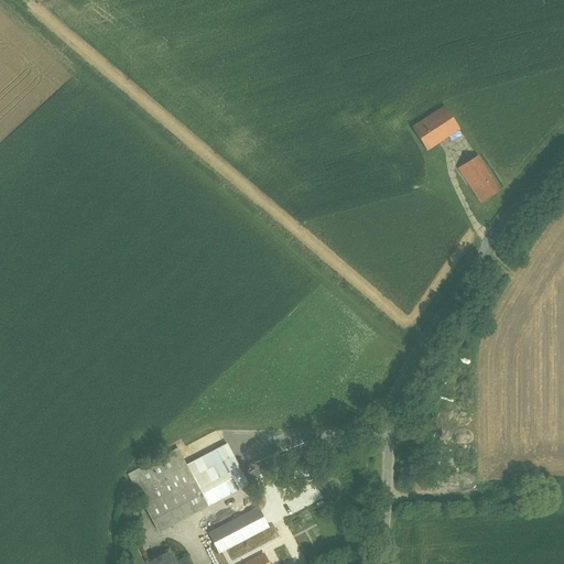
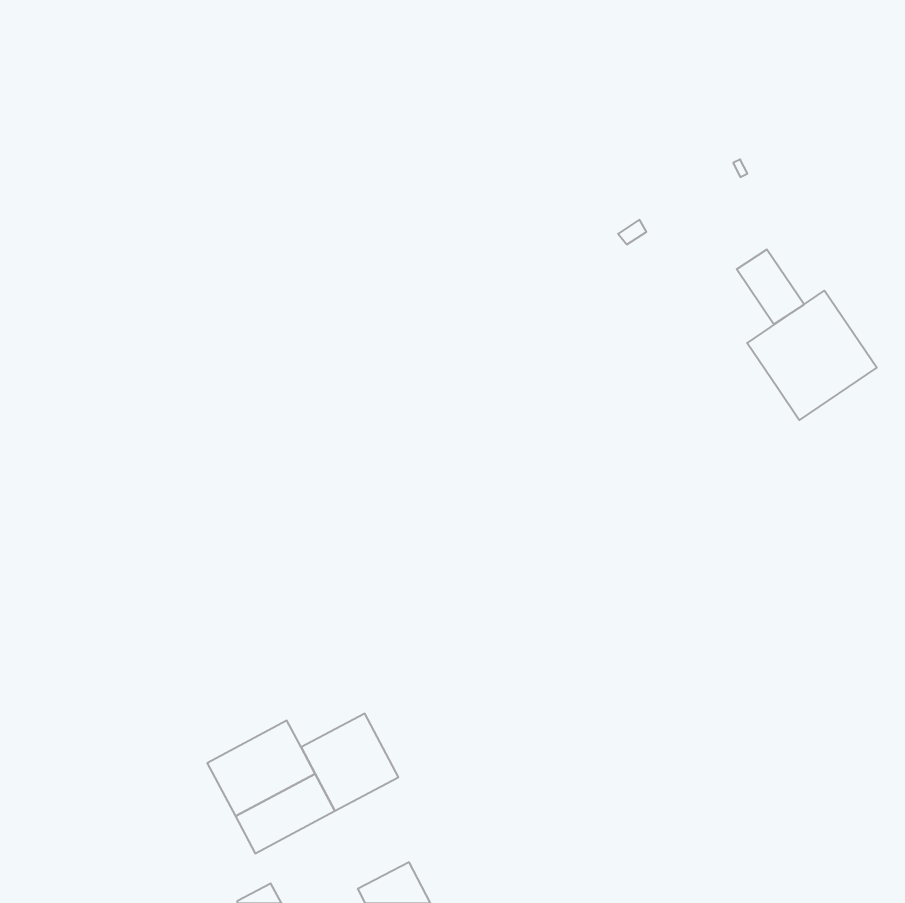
building: [412,106,459,149] -> none
building: none -> [747,291,877,420]
building: [209,507,269,552] -> none

